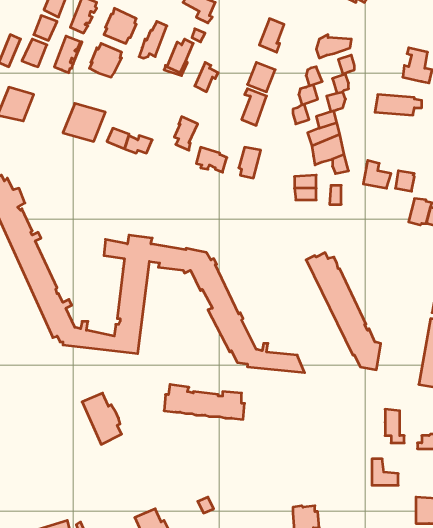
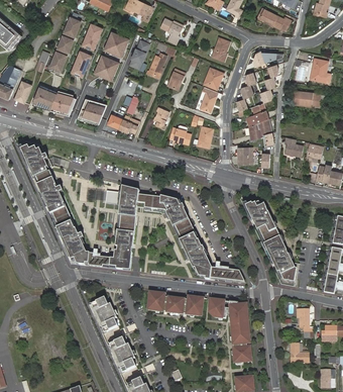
building: none -> [50,90,77,115]
building: none -> [209,298,251,364]
building: none -> [109,337,135,372]

